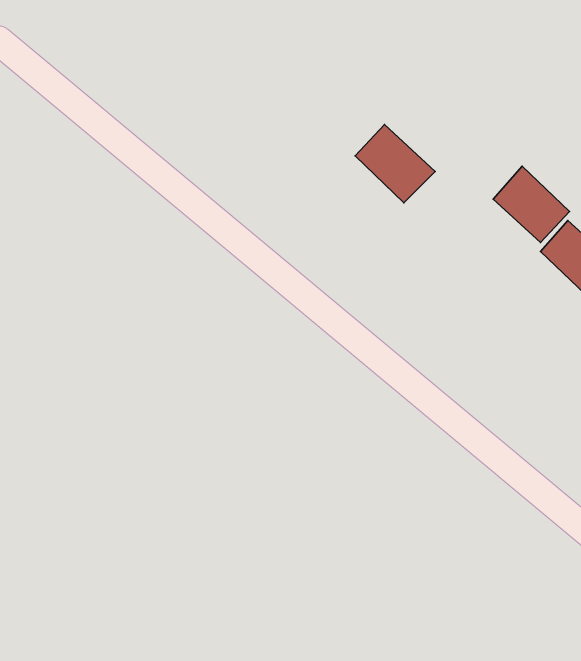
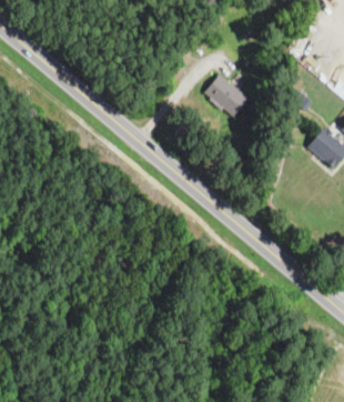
building: [493,166,570,242] -> none

